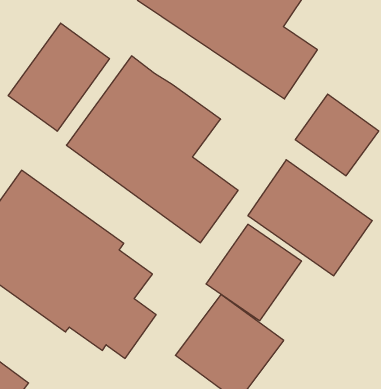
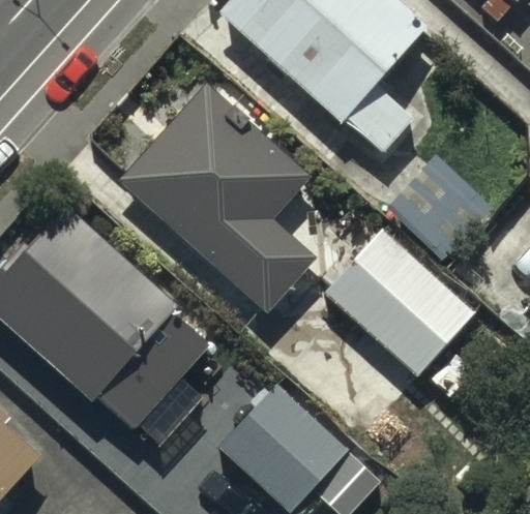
building: [8,23,109,131] -> none
building: [206,224,301,321] -> none

